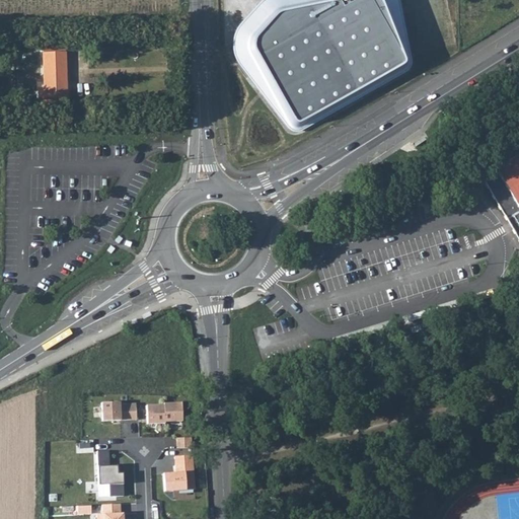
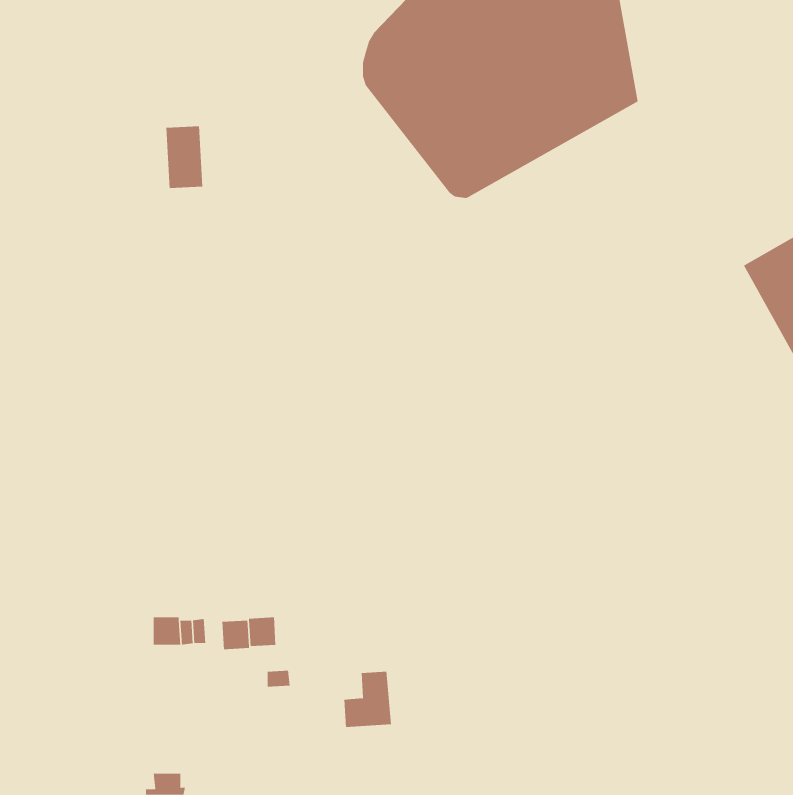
building: [46,52,70,92] -> [166,126,203,188]
building: [97,449,124,494] -> none
building: [163,453,195,490] -> [344,671,392,728]

